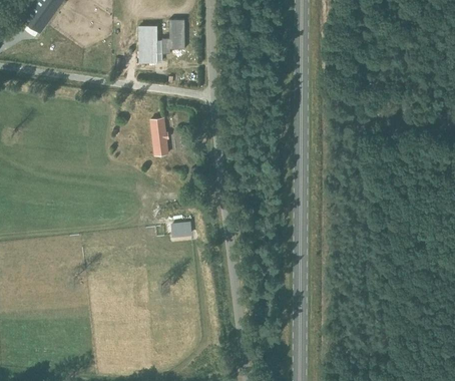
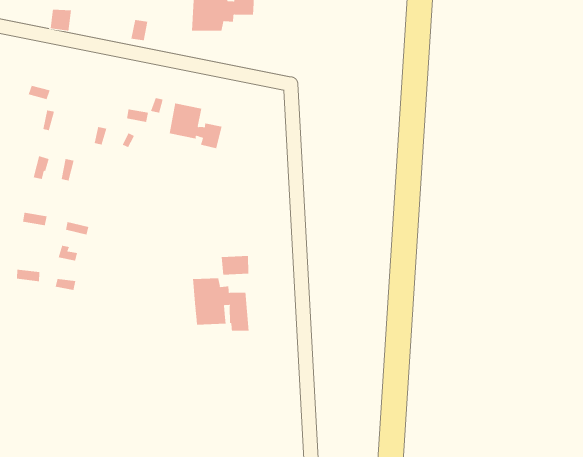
building: none -> [192,277,249,332]

